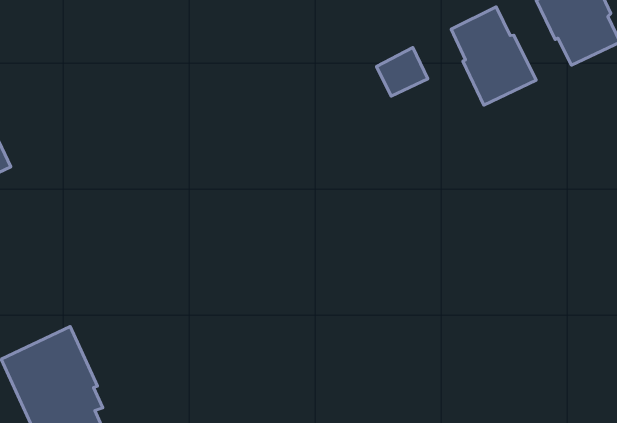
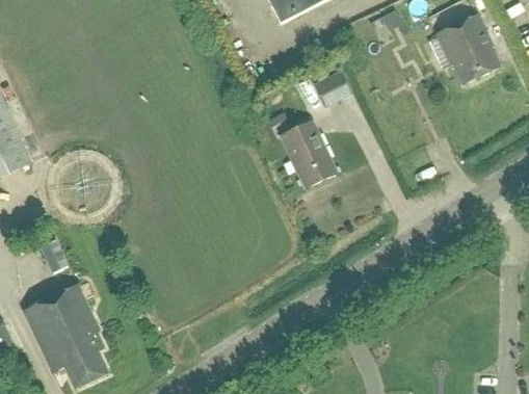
building: [451,7,536,105] -> none
building: none -> [280,120,337,187]

